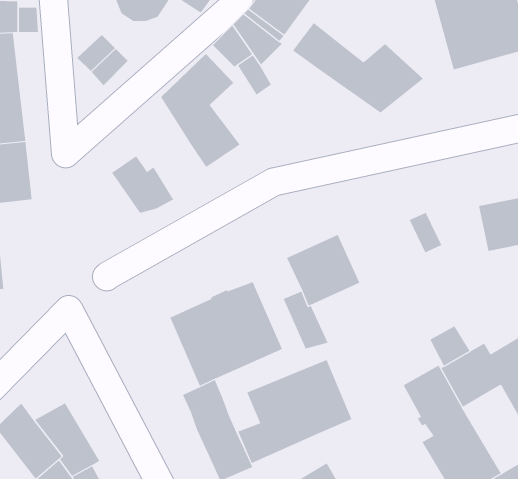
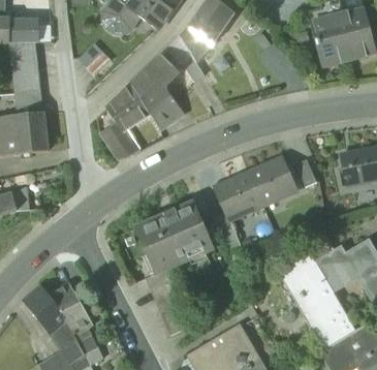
building: [292,22,424,113] -> none
building: none -> [106,83,151,131]
building: none -> [248,157,296,205]
building: [238,359,352,464] -> none

